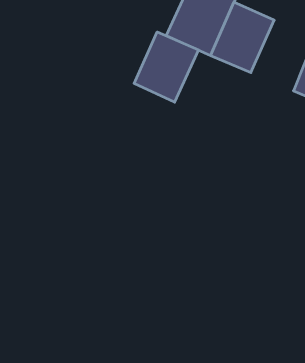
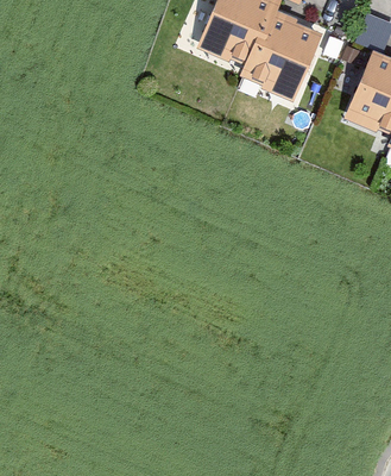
building: [134,32,198,102] -> none

